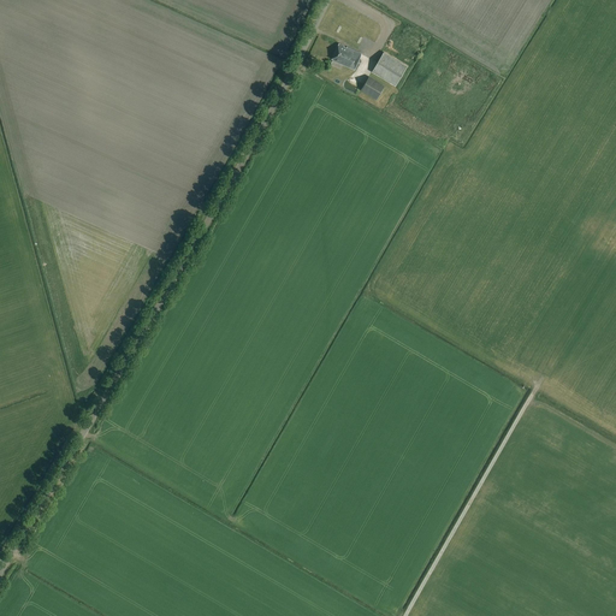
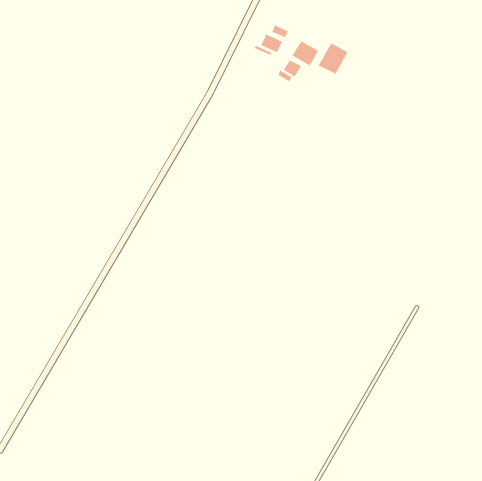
building: none -> [318,43,348,74]

